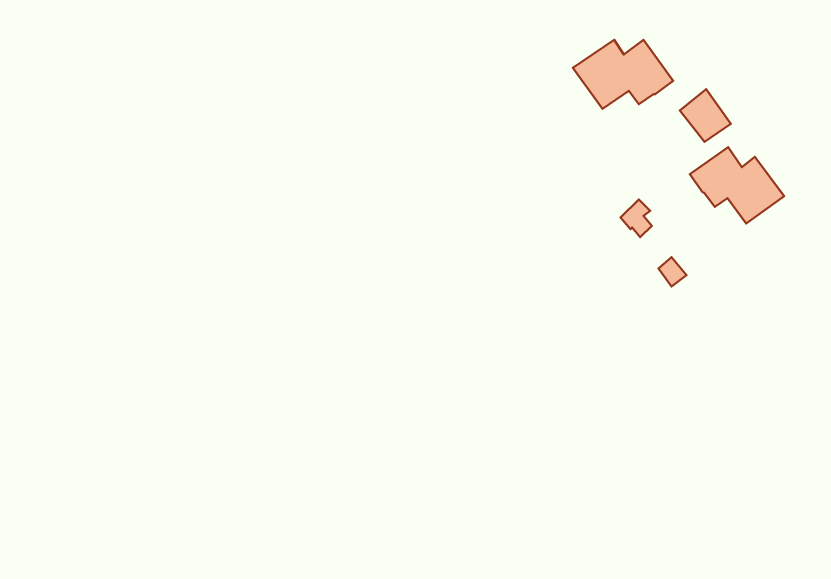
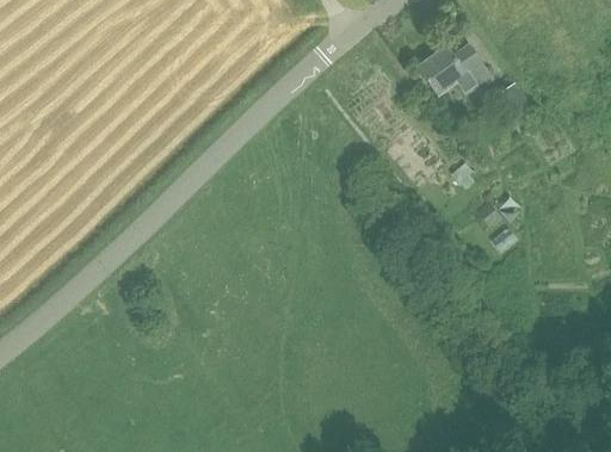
building: [690,147,784,223] -> none

